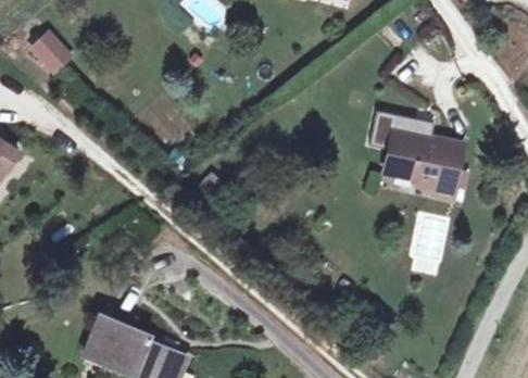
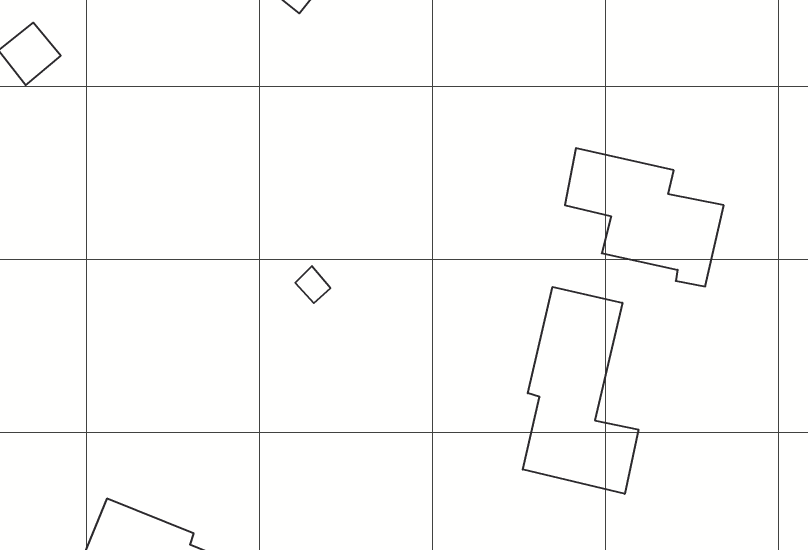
building: none -> [523,287,638,494]

